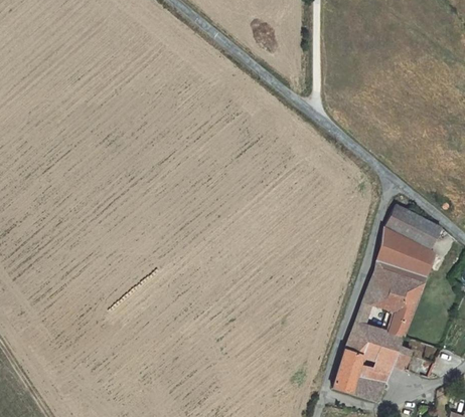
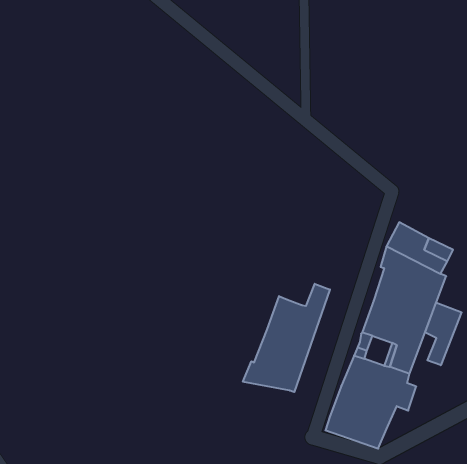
building: none -> [243,284,330,392]
building: none -> [425,303,462,365]

